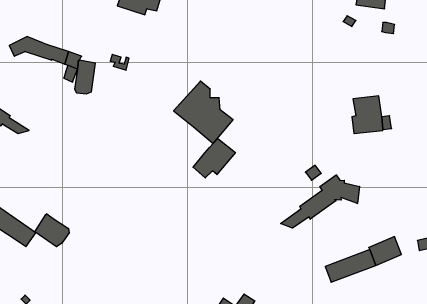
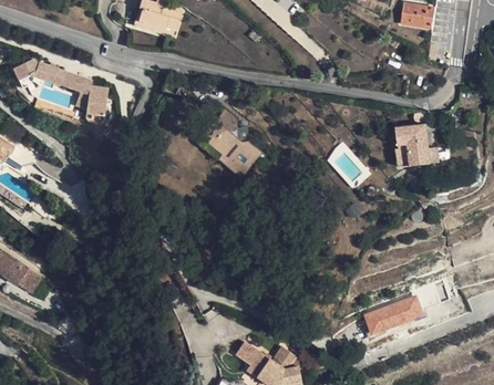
building: [193,139,235,178] -> none
building: [281,175,360,228] -> none
building: [35,214,69,247] -> none

